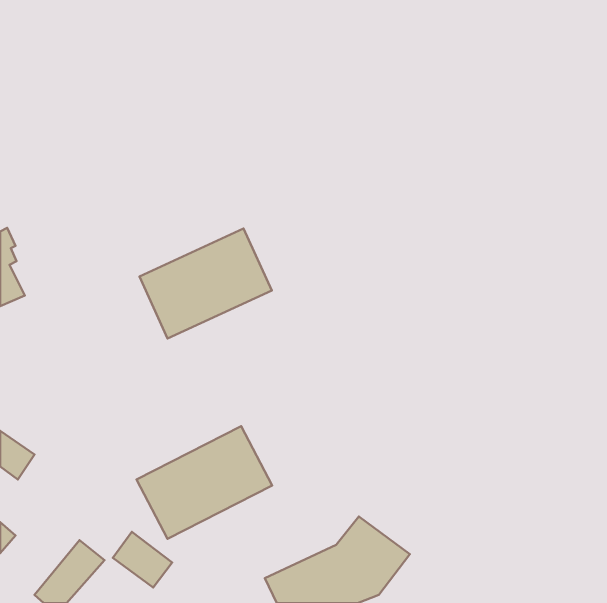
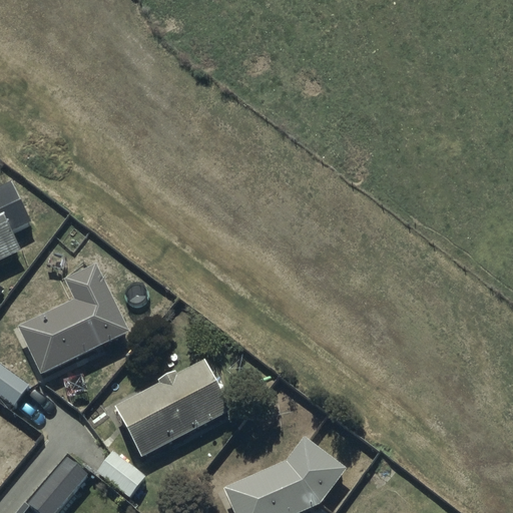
building: [139,229,272,339] -> none
building: none -> [17,264,130,373]

